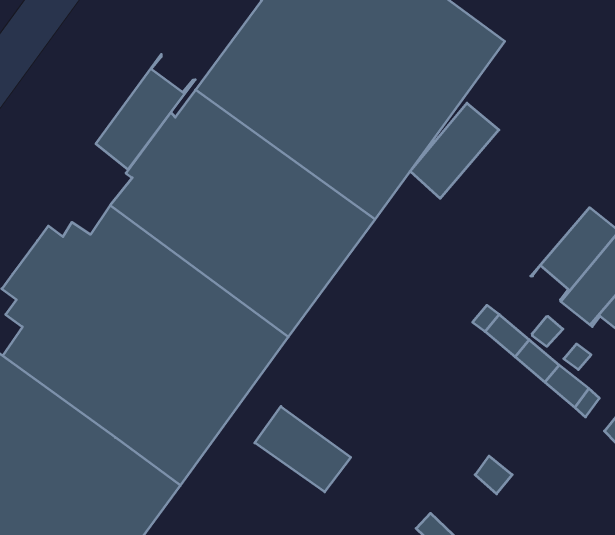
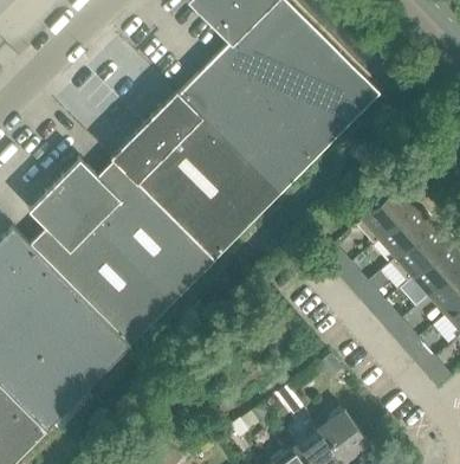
building: [96,54,195,169] -> none
building: [410,103,499,198] -> [357,187,417,245]
building: [255,406,351,492] -> none

